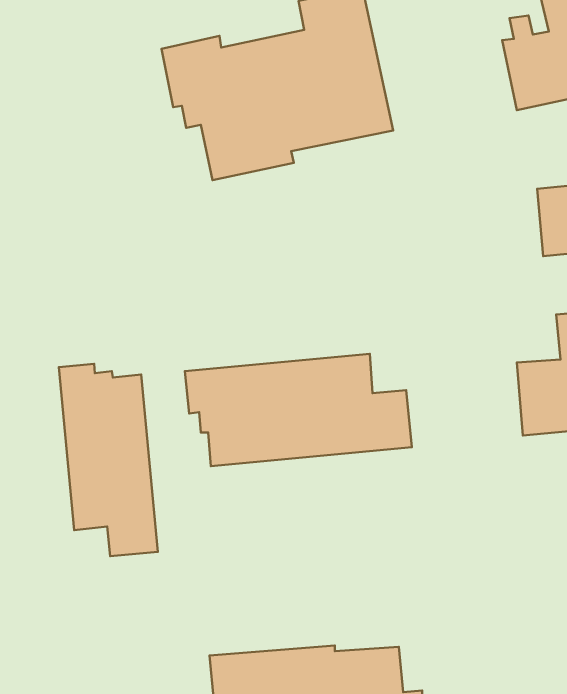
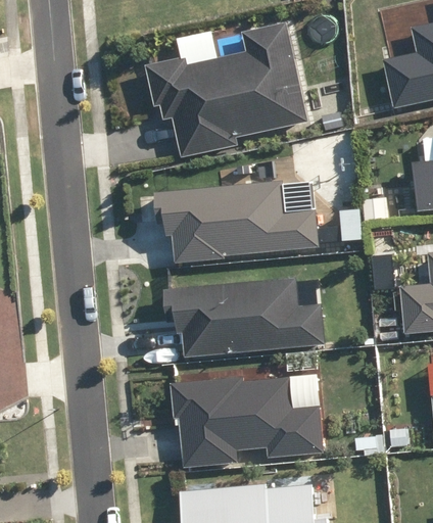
building: none -> [152,181,316,264]
building: [59,364,158,556] -> none
building: none -> [173,376,325,468]

